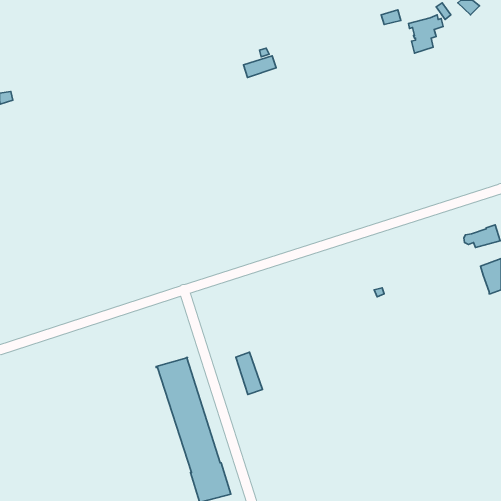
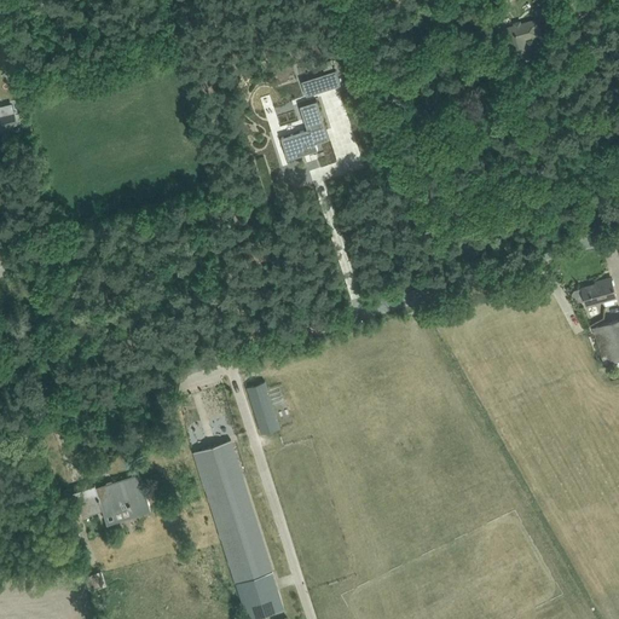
building: none -> [280,100,328,160]
building: [236,352,262,395] -> [247,382,279,434]
building: none -> [73,474,150,523]

